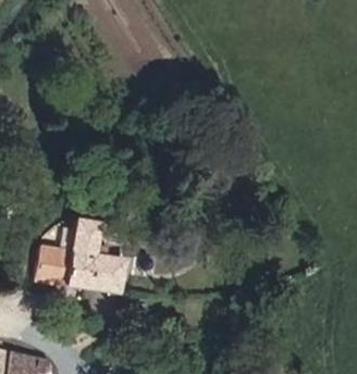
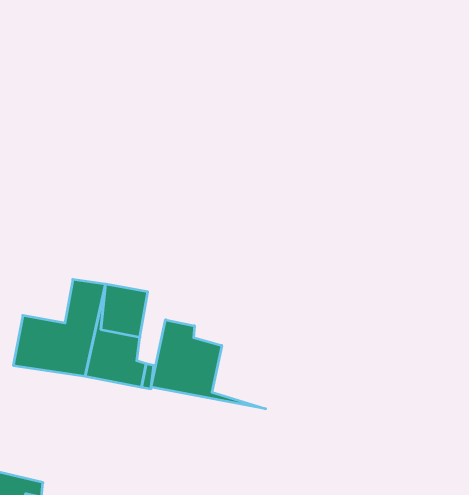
building: none -> [151,320,266,409]

